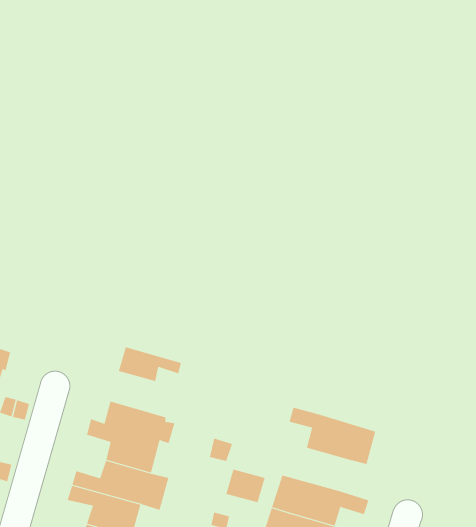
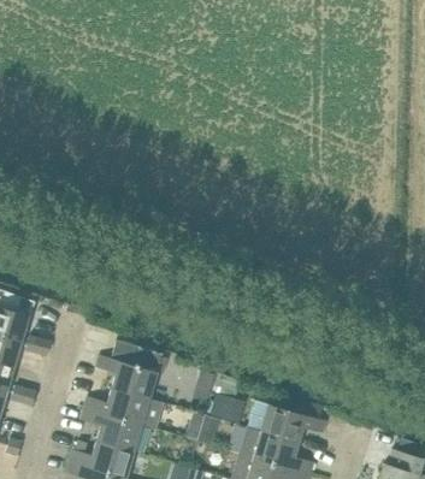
building: [118,346,182,382] -> none
building: [289,407,376,465] -> none

